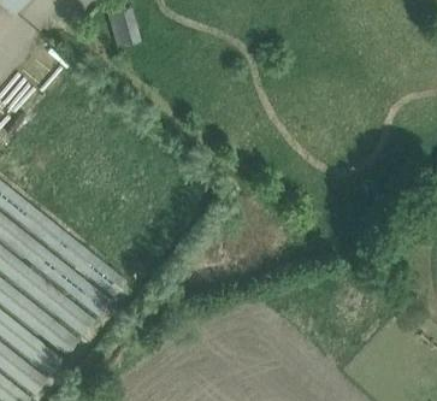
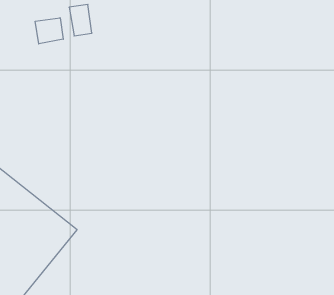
building: none -> [35,18,63,44]

